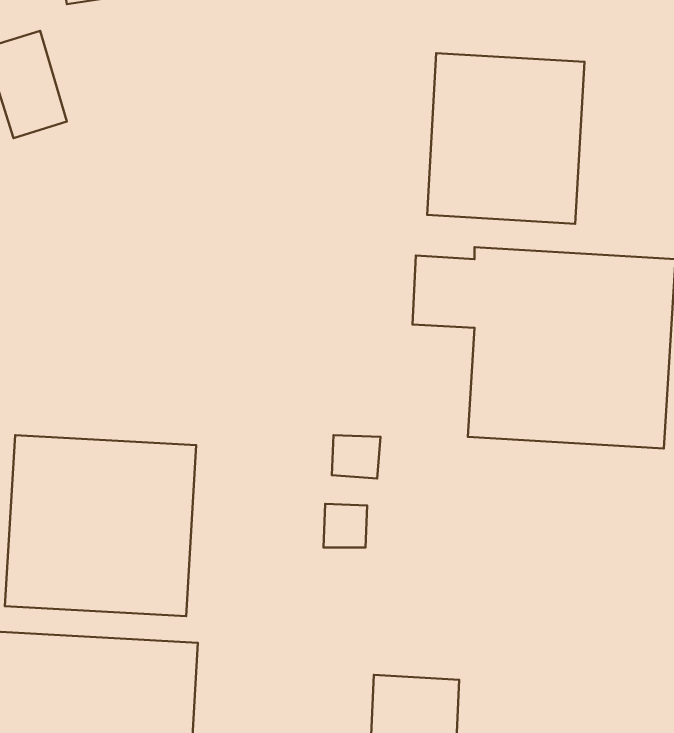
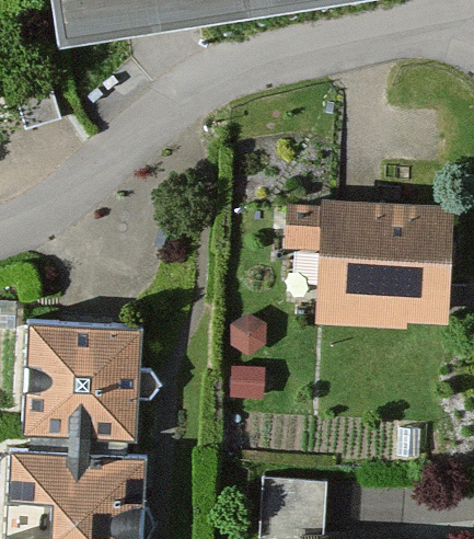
building: [427,53,585,224] -> none

